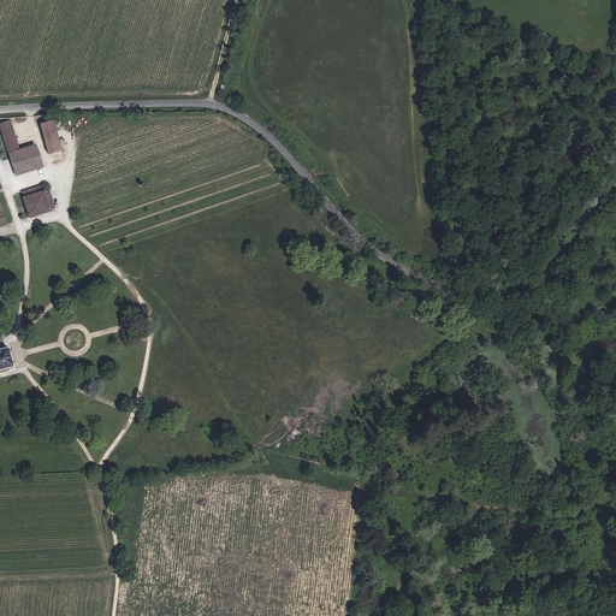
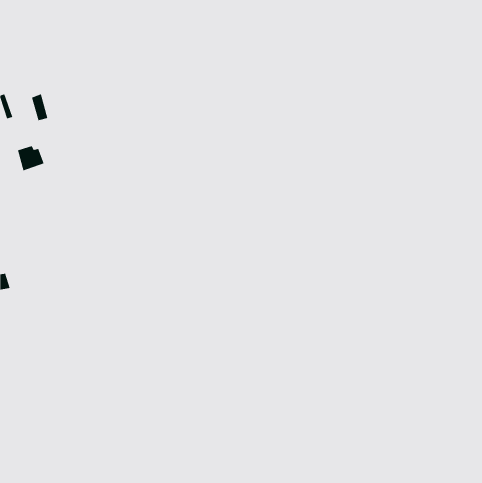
building: [8,142,41,173] -> none

